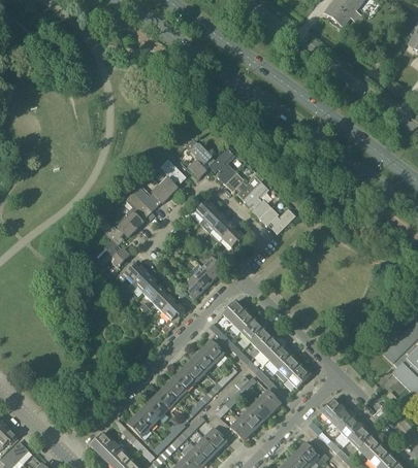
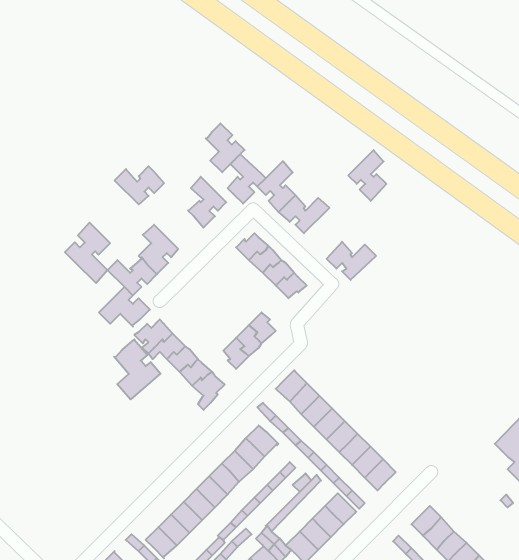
building: none -> [206,123,245,172]
building: [243,181,270,219] -> [348,150,386,201]
building: [133,183,169,211] -> [115,166,164,204]
building: none -> [65,223,110,283]
building: none -> [114,339,161,399]

